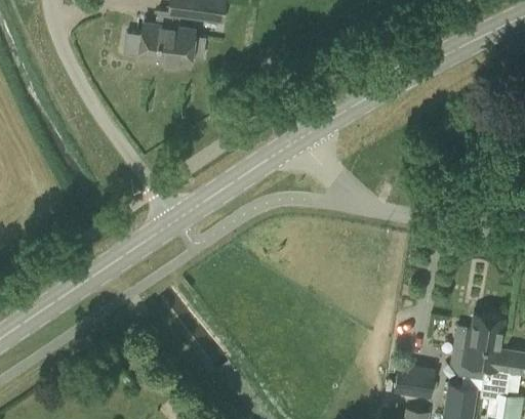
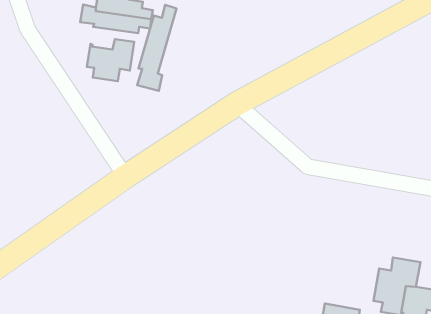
building: none -> [137,5,176,91]
building: none -> [87,39,134,81]

